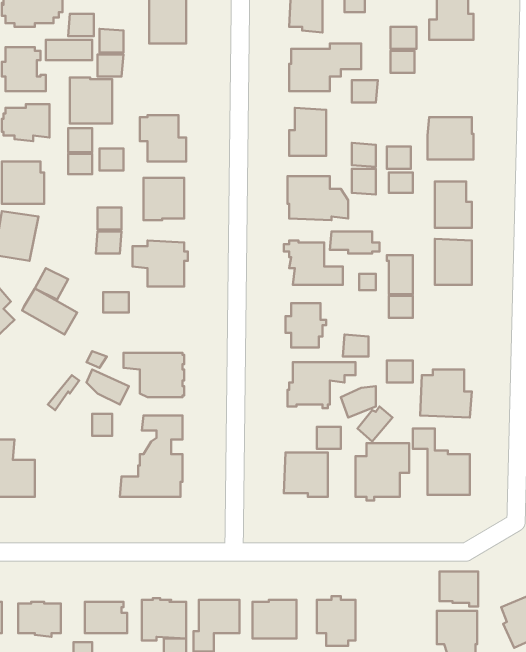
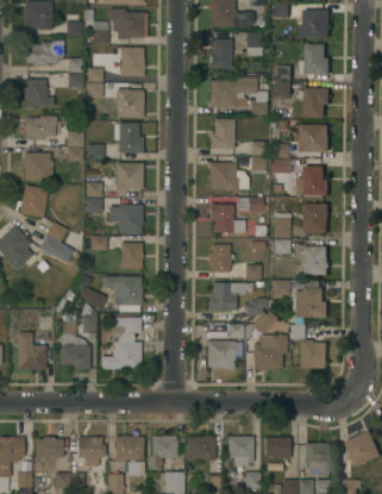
building: none -> [299,87,328,118]
building: [70,77,112,123] -> [115,88,143,118]
building: none -> [120,243,142,268]
building: none -> [303,245,328,274]
building: none -> [60,334,89,369]
building: [440,572,478,607] -> [264,437,289,459]

